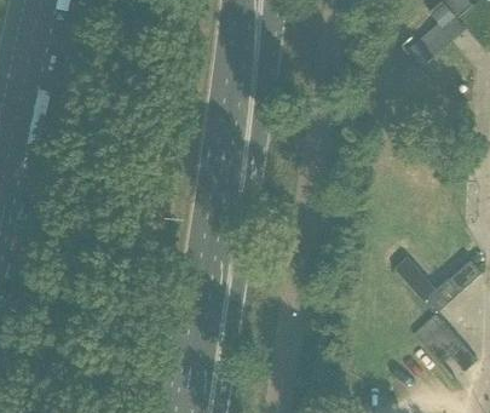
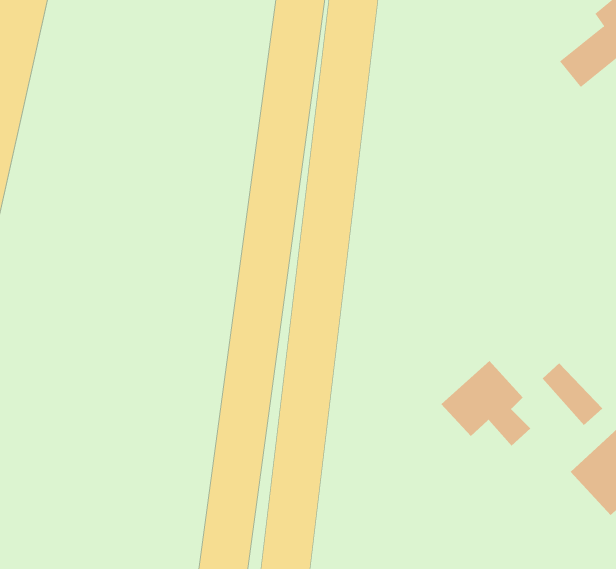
building: none -> [441,360,531,447]

